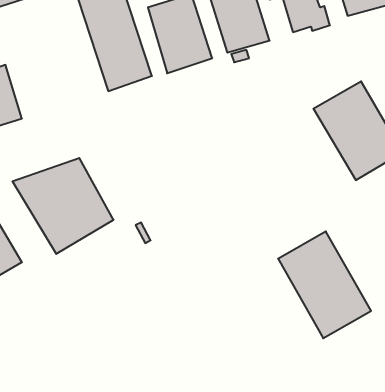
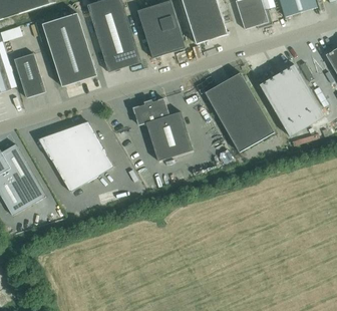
building: none -> [42,12,98,86]
building: none -> [133,98,194,161]
building: [278,231,371,338] -> [206,72,274,150]

